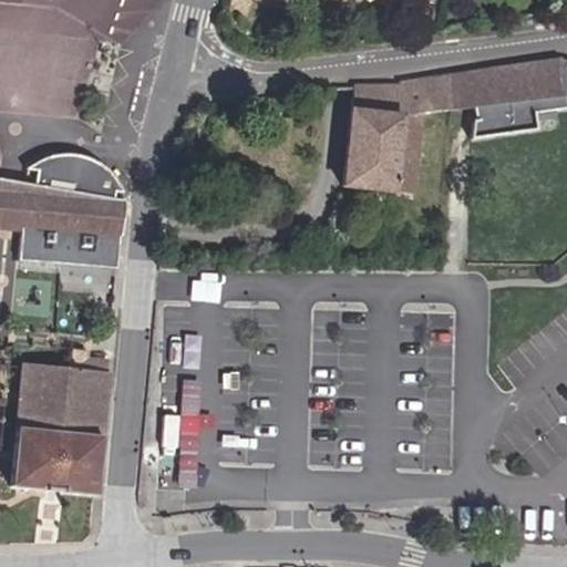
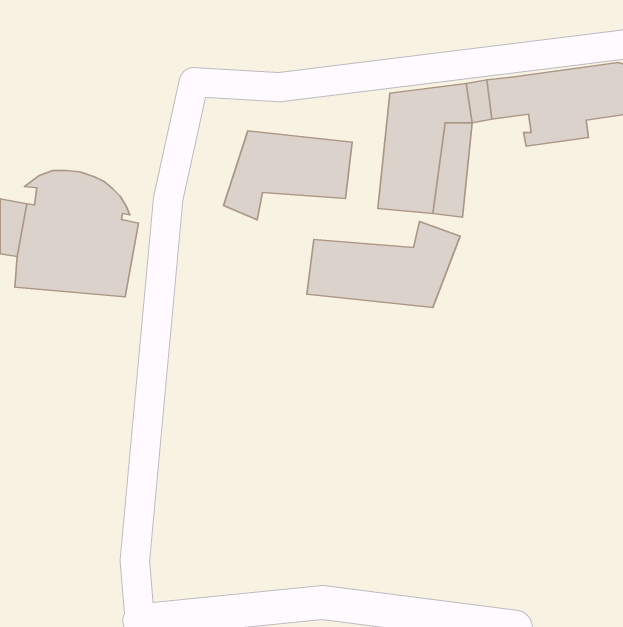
building: none -> [224,131,352,220]
building: none -> [307,222,460,308]
building: [11,351,109,495] -> none

